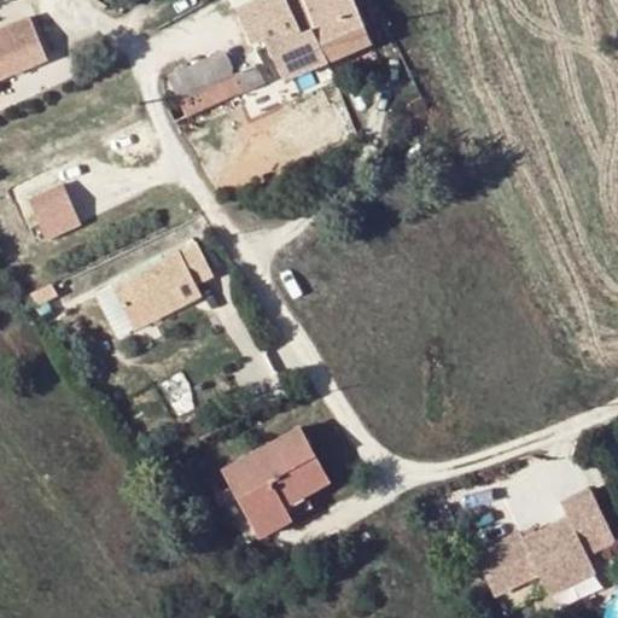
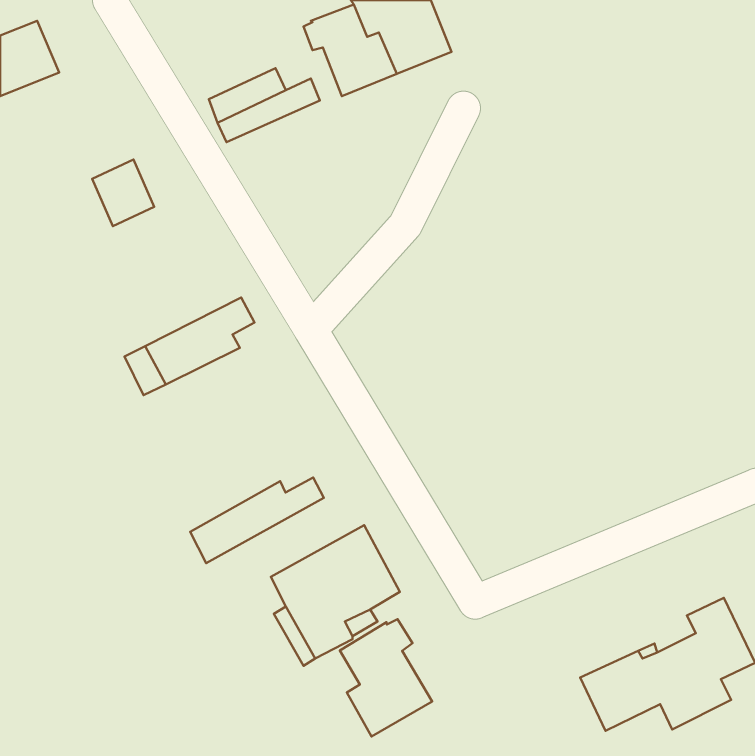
building: [30,185,81,239] -> [92,160,154,226]
building: none -> [190,477,324,563]
building: none -> [340,619,432,737]

